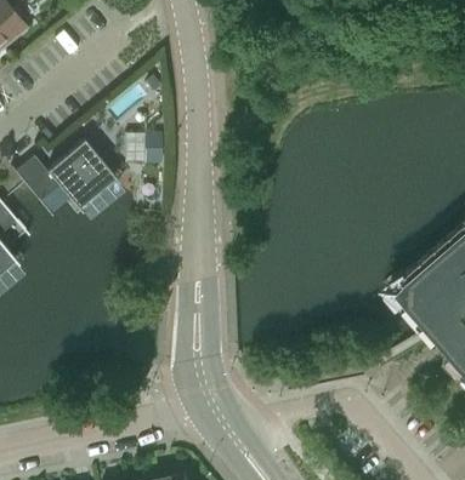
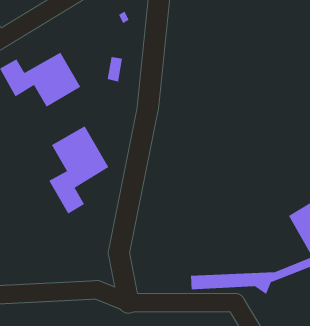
building: none -> [48,125,109,215]

